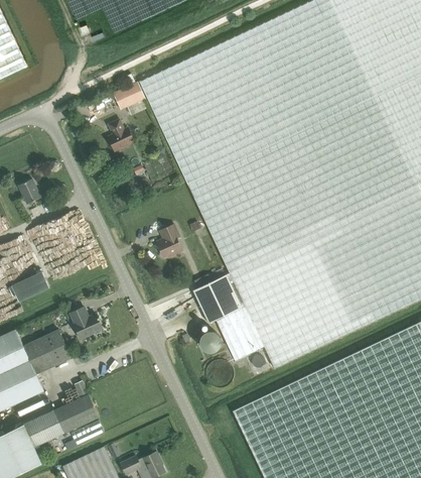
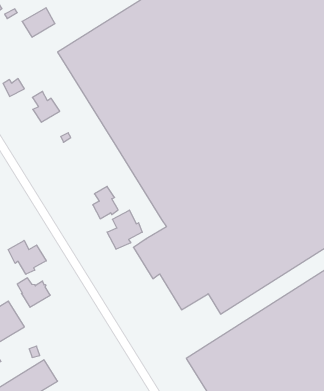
building: [112,83,145,111] -> [22,8,55,37]
building: none -> [107,210,142,249]
building: none -> [8,240,46,274]

